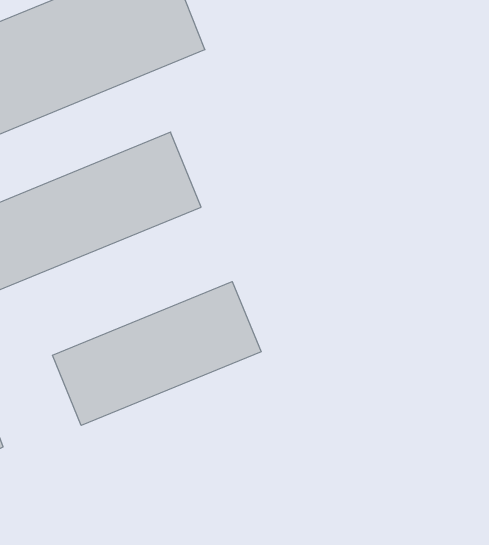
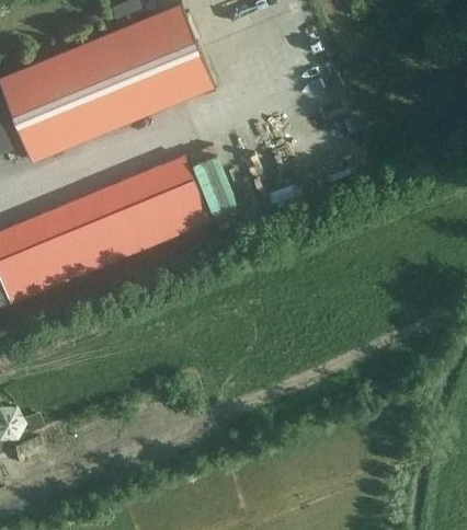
building: [52,282,261,425] -> none

